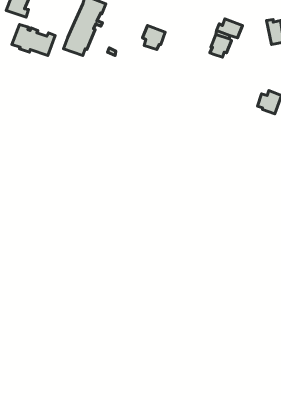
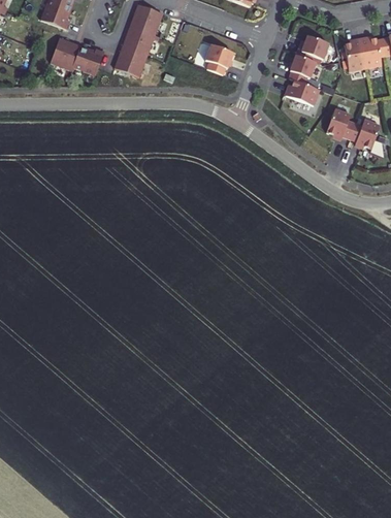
building: none -> [348,35,369,68]
building: none -> [289,77,324,102]
building: none -> [328,111,357,141]

